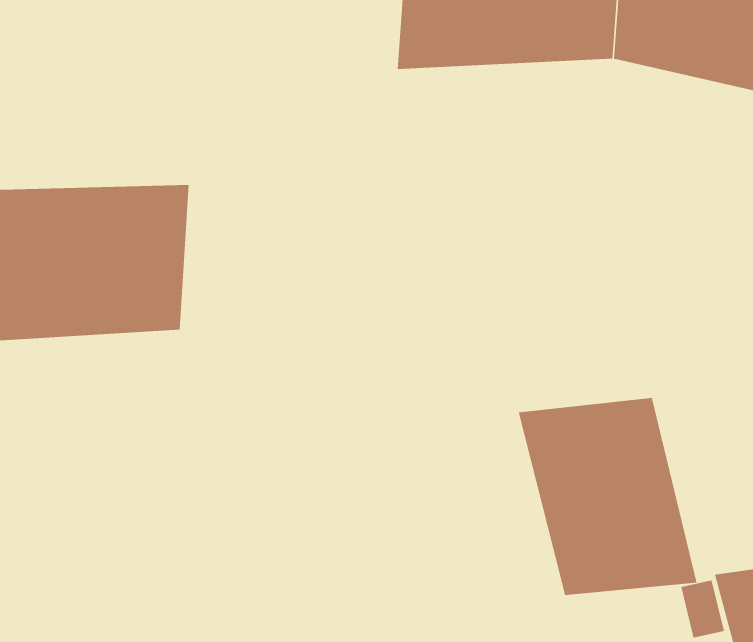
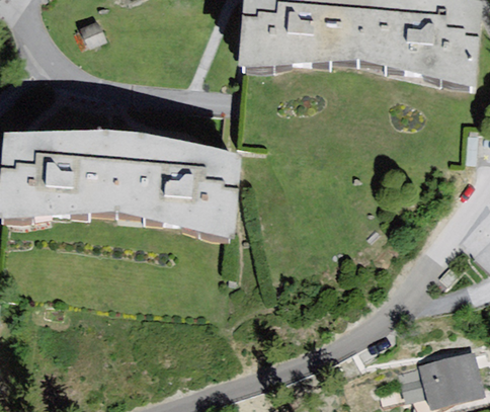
building: none -> [113,131,241,240]
building: [518,397,697,596] -> none

